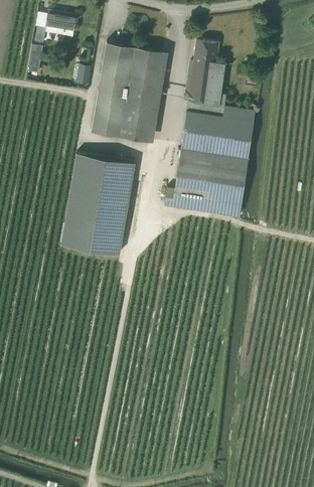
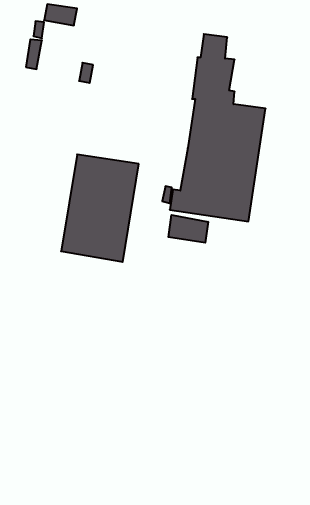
building: [92,41,163,140] -> none
building: none -> [168,215,208,243]

